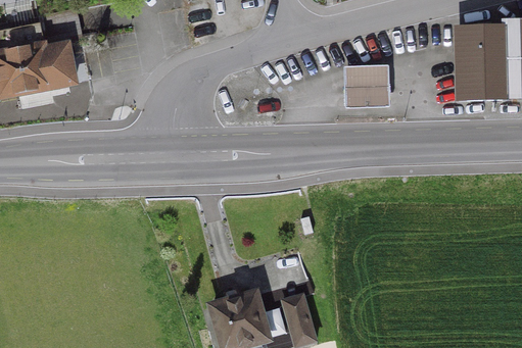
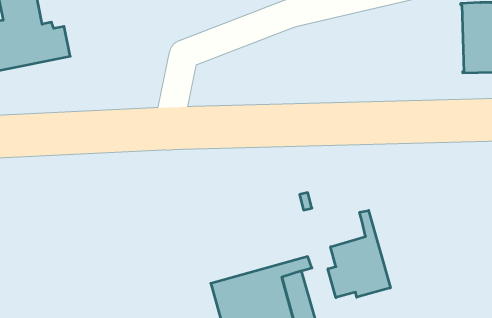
building: [345,64,389,105] -> none
building: none -> [328,210,390,298]

